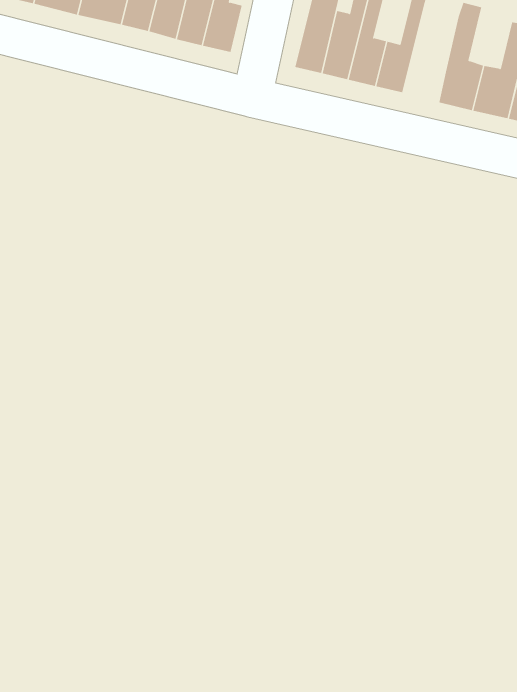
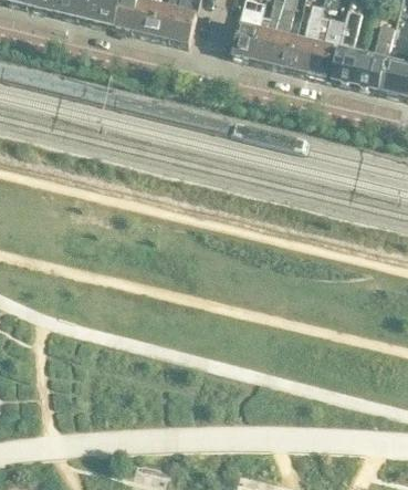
building: none -> [306,13,344,76]

